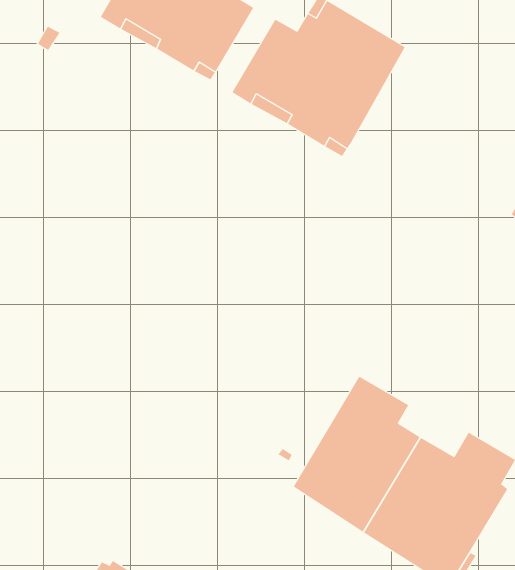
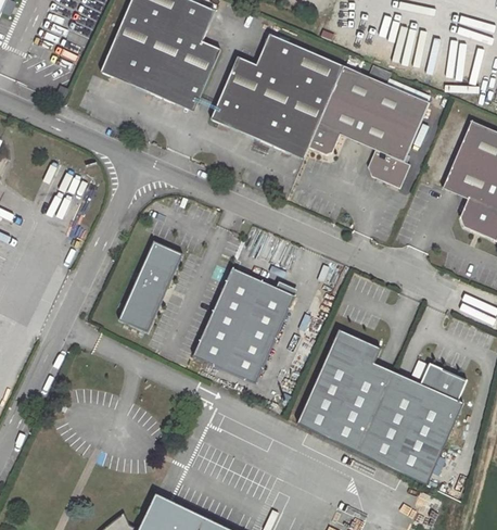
building: none -> [309,65,430,187]
building: none -> [120,240,183,330]
building: none -> [193,266,295,381]

